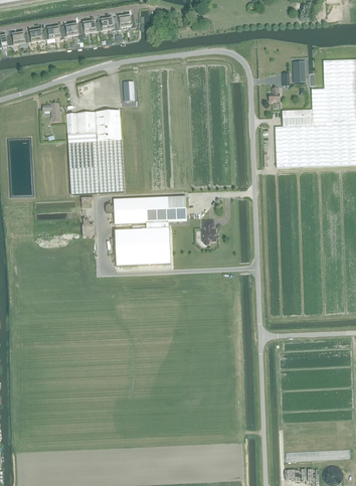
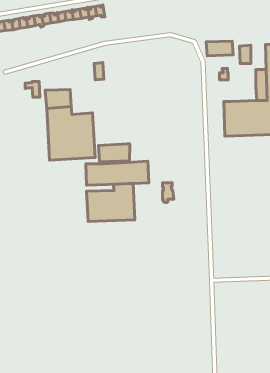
building: [96,109,122,141] -> none
building: [282,109,313,126] -> [206,41,233,56]
building: none -> [99,144,130,162]

